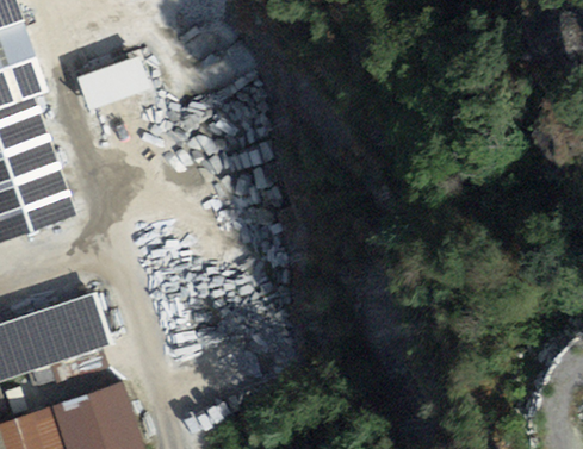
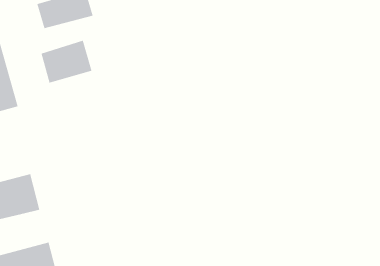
building: none -> [41,40,92,83]

